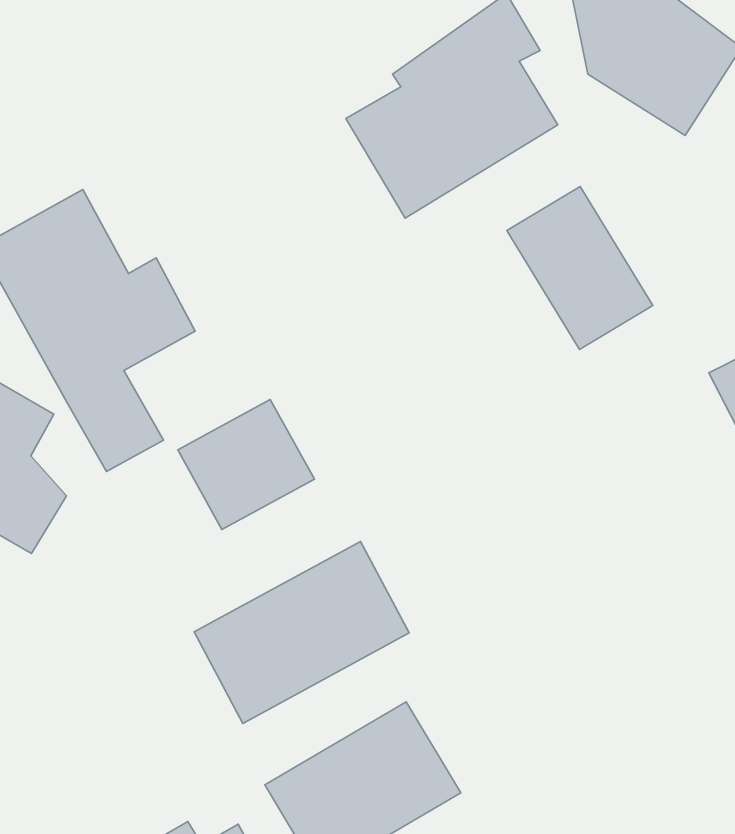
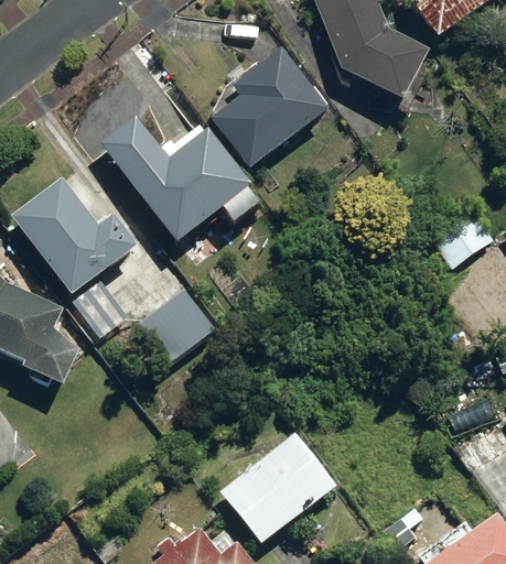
building: none -> [100,117,249,243]
building: [507,186,653,349] -> none
building: [194,541,409,724] -> none

